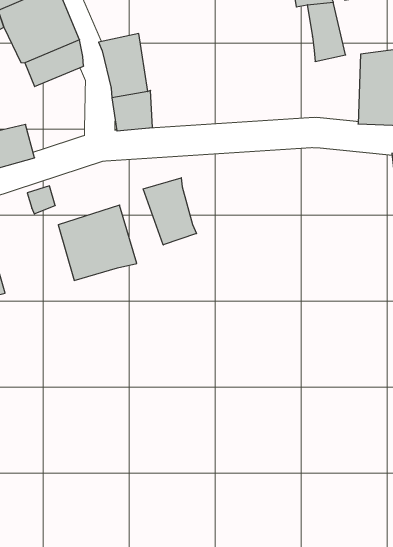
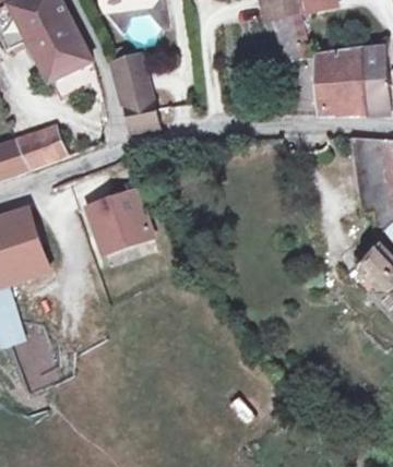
building: [143,178,196,245] -> none

